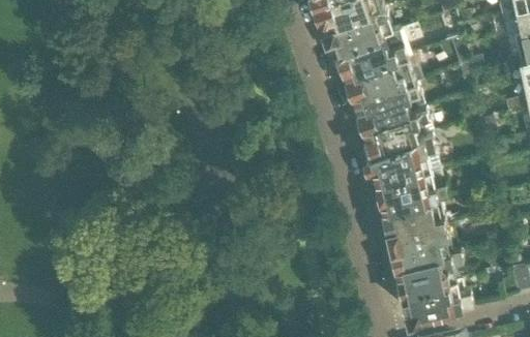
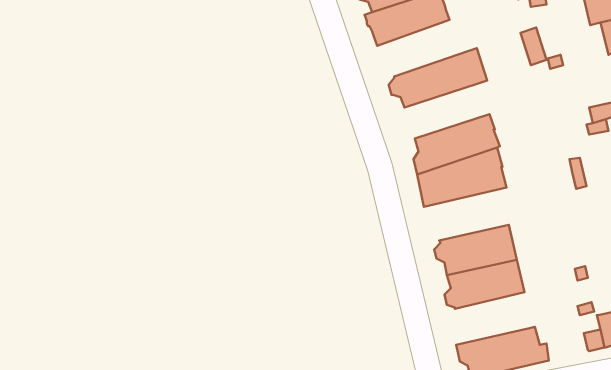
building: [331,27,406,74] -> none
building: [353,80,422,124] -> none
building: [370,163,445,206] -> none
building: [392,246,461,289] -> none

